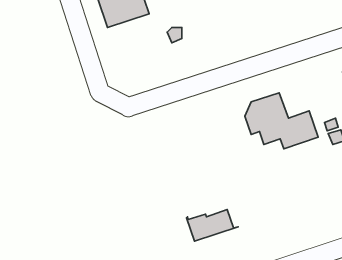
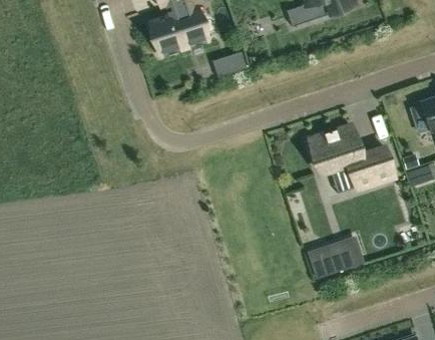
building: [186,210,238,241] -> [307,242,364,277]

